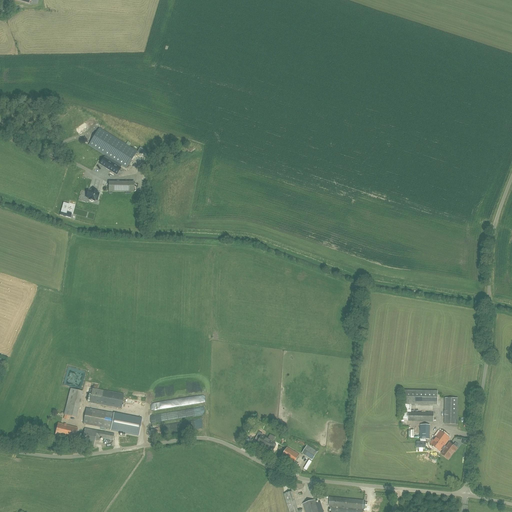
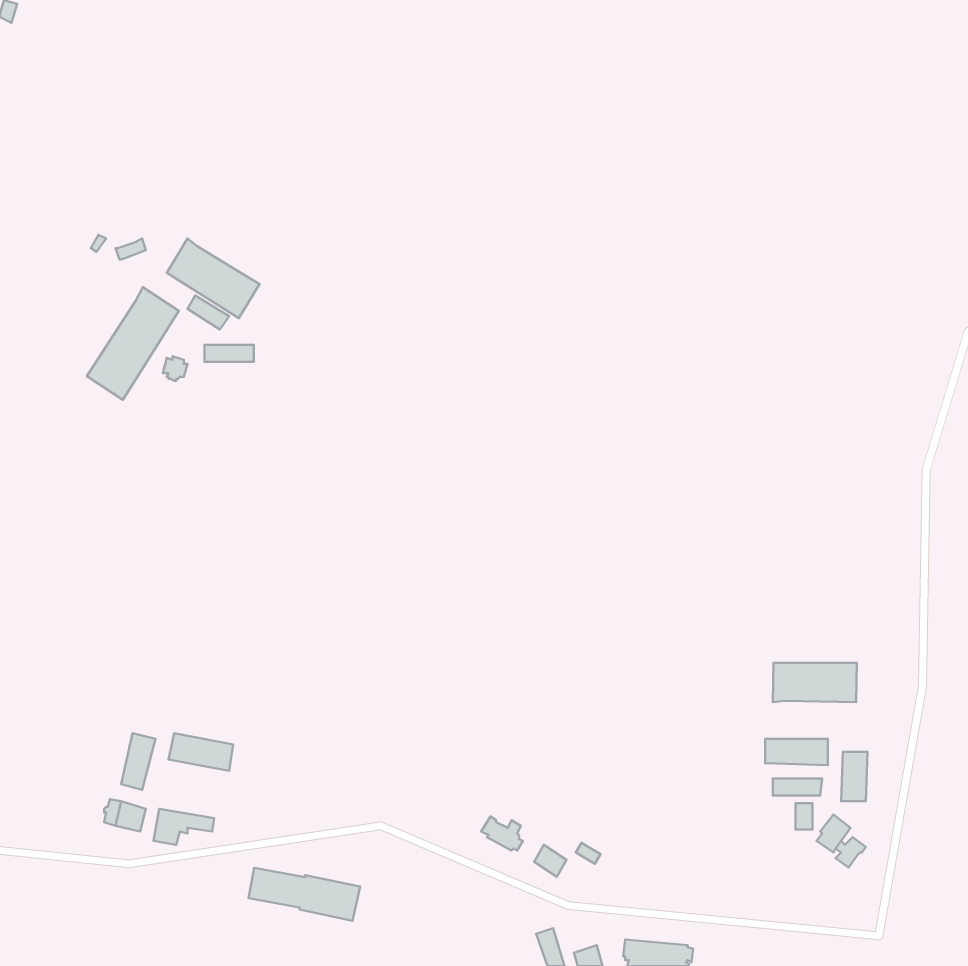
building: none -> [87,287,179,400]
building: none -> [773,663,857,702]
building: [83,407,142,435] -> [248,868,360,921]

